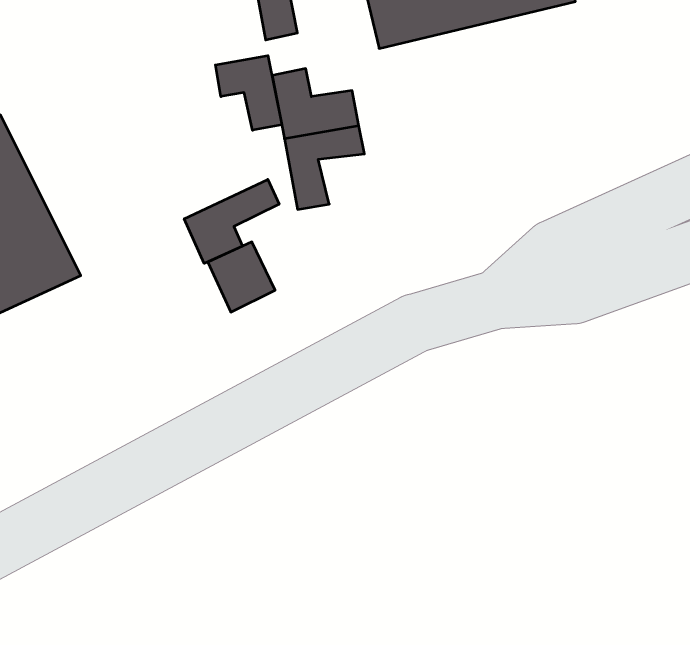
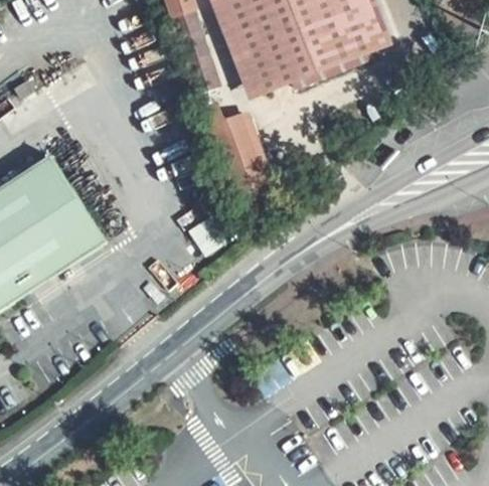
building: [215,56,282,130] -> none
building: [184,179,279,263] -> none

